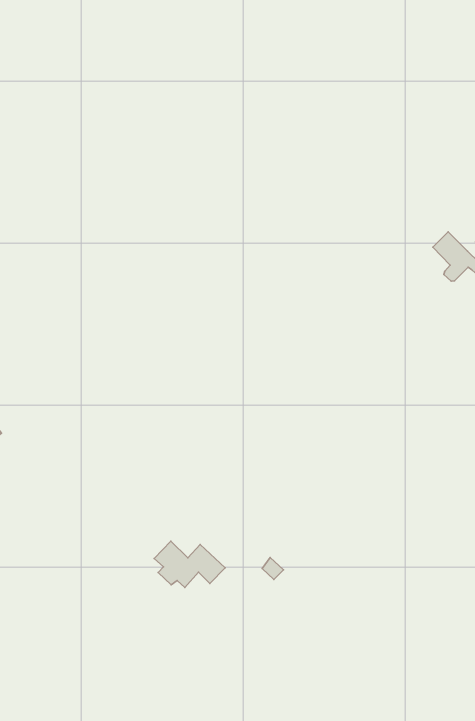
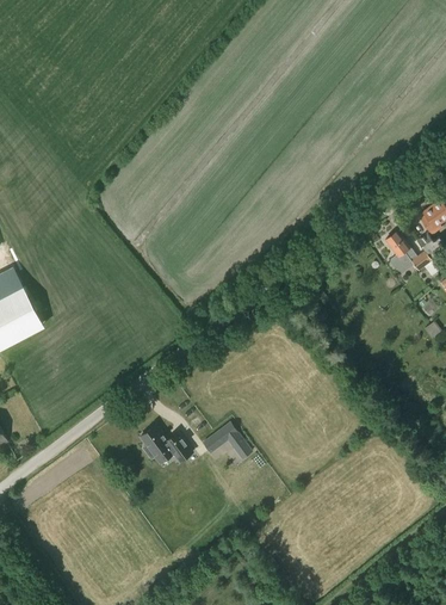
building: none -> [203,422,250,459]

